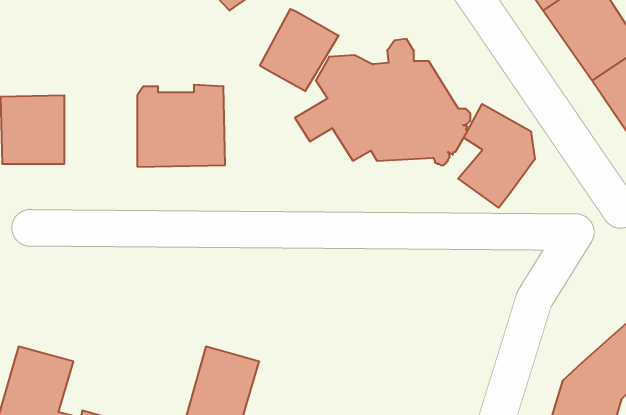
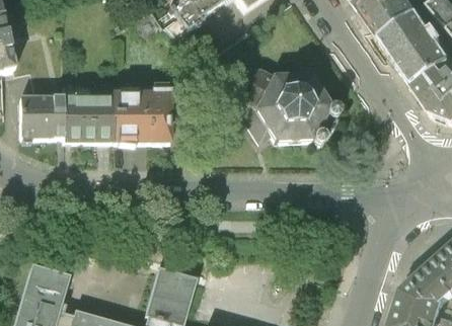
building: [260,9,339,91] -> none
building: none -> [61,83,110,144]
building: [458,104,535,208] -> none

